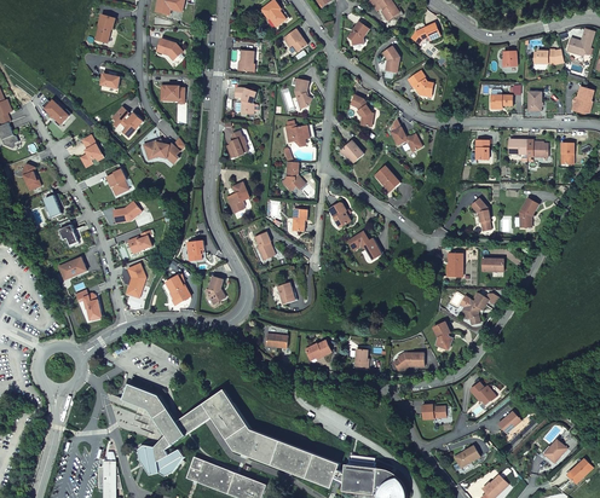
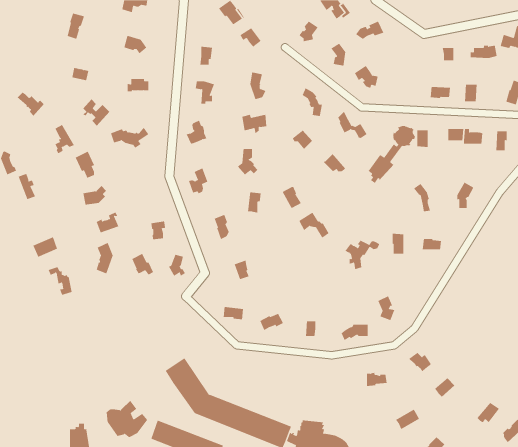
building: none -> [368,125,416,184]
building: [460,293,498,325] -> [344,240,380,270]
building: [122,383,210,445] -> none

